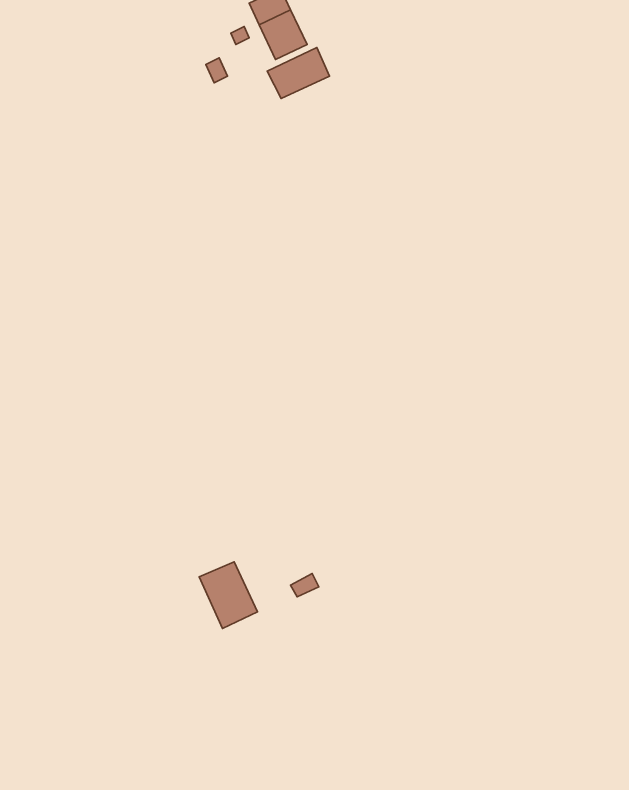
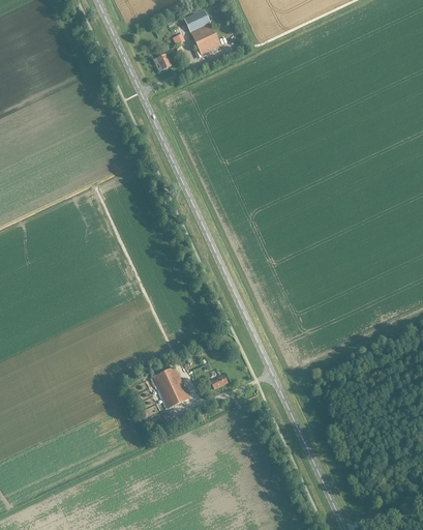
building: [267,48,330,99] -> none

